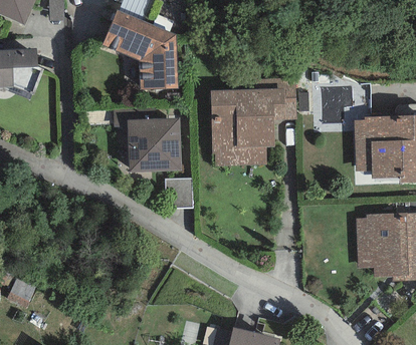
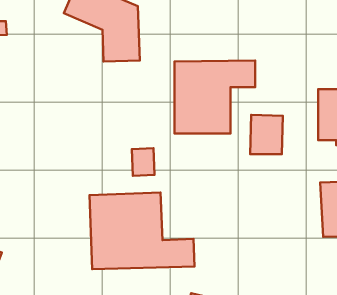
building: [321,85,354,125] -> [250,115,283,154]
building: [126,117,180,171] -> none
building: none -> [89,192,195,269]

